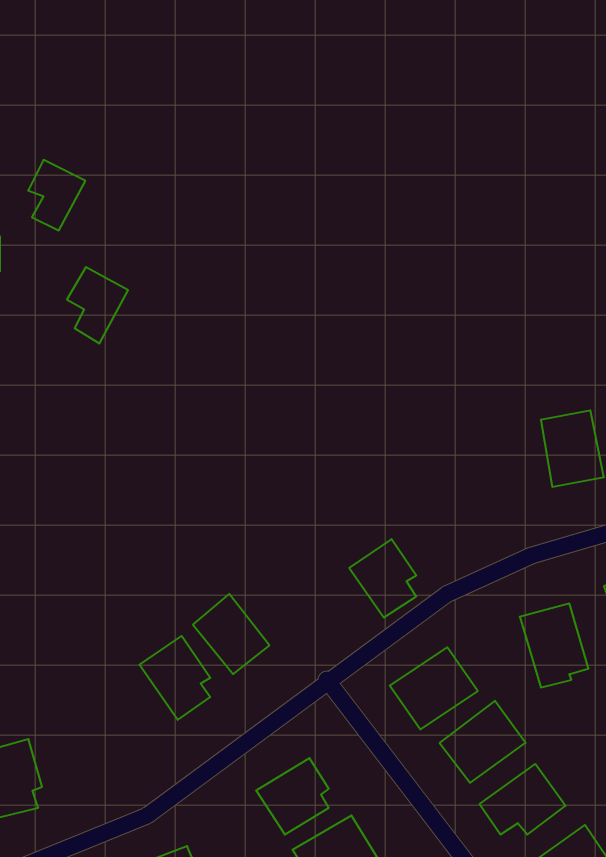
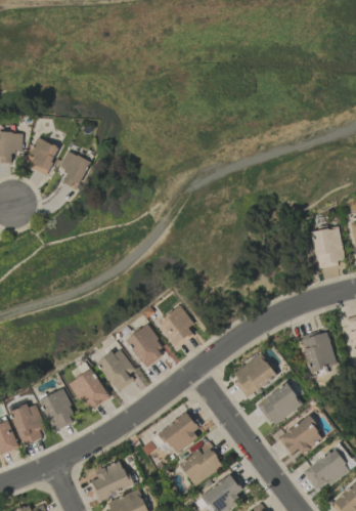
building: [28,160,85,231] -> [29,136,59,174]
building: [349,539,416,617] -> [158,304,193,346]
building: none -> [70,368,109,411]
building: none -> [39,388,77,430]

